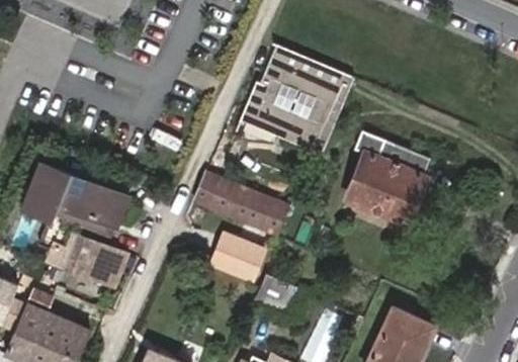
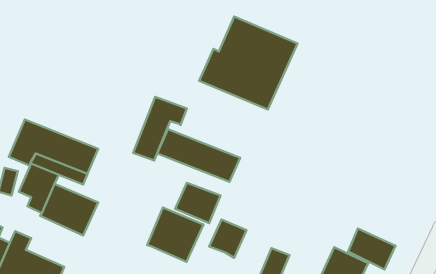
building: [346,132,428,223] -> none
building: none -> [133,97,187,161]
building: none -> [147,207,204,262]
building: none -> [348,228,395,270]

